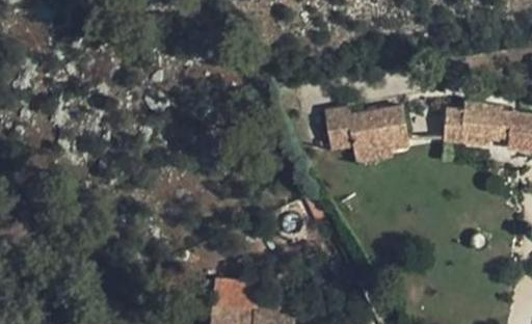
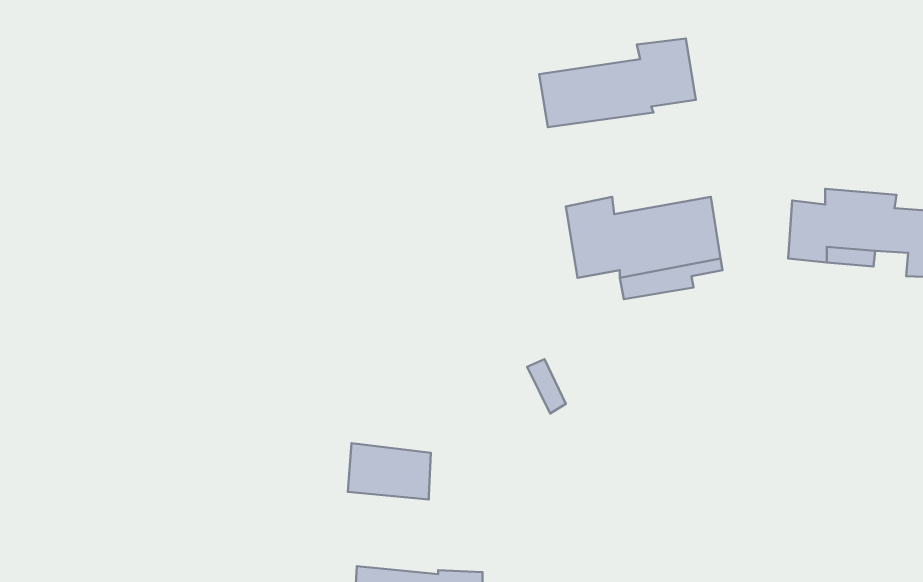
building: none -> [539,38,696,127]
building: [212,278,257,308] -> [348,443,431,499]

